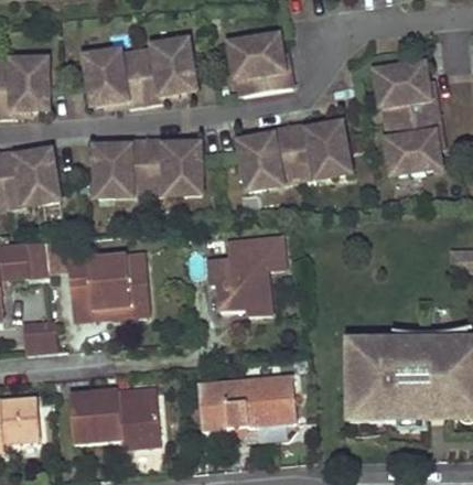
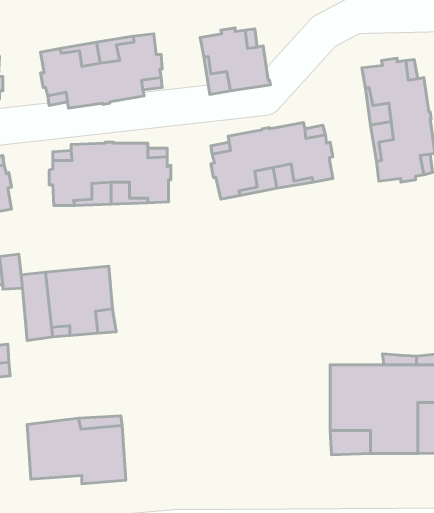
building: [207,235,282,313] -> none
building: [200,377,297,430] -> none

